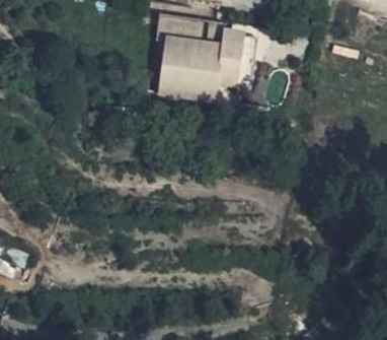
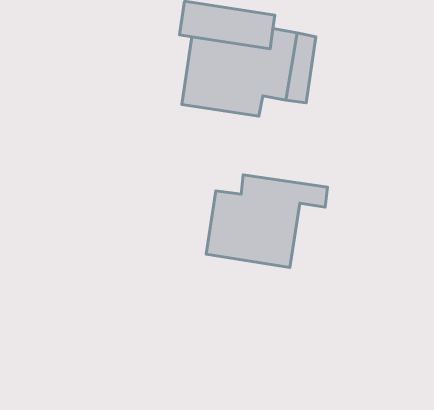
building: none -> [206,175,327,267]

